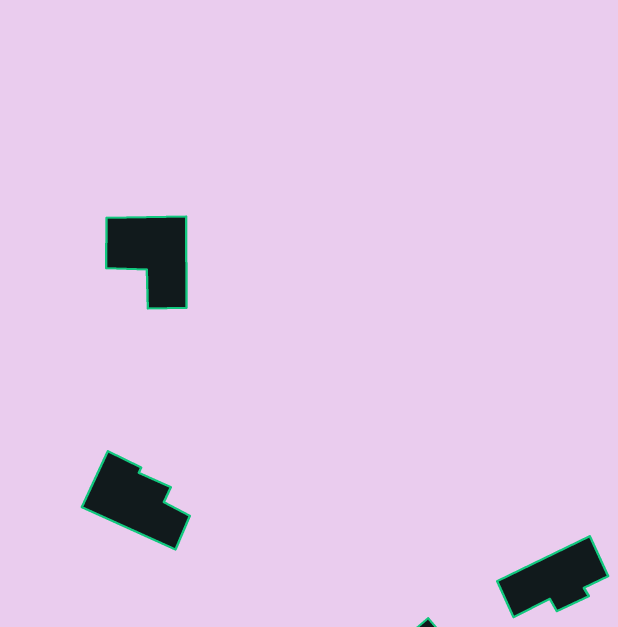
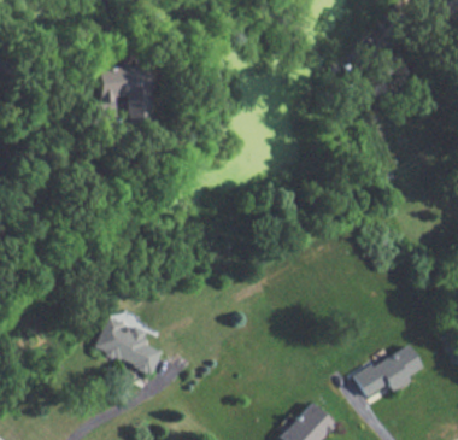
building: [106,216,187,309] -> [99,64,153,123]

